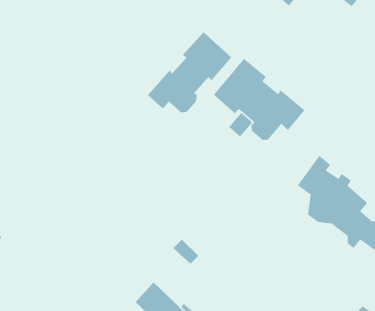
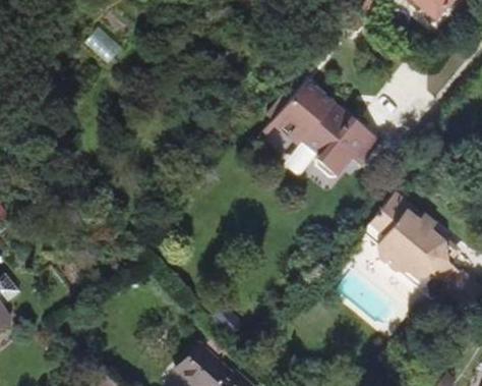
building: [147,32,232,113] -> none

